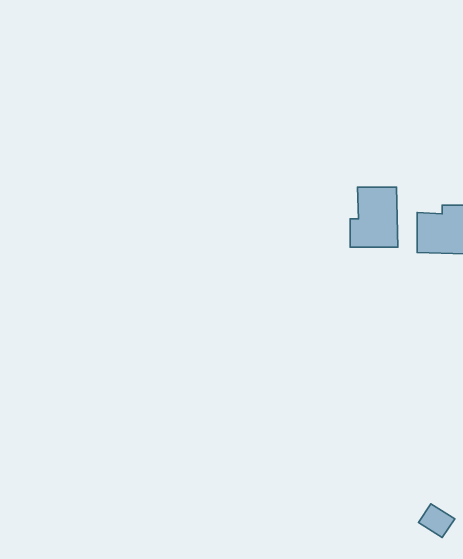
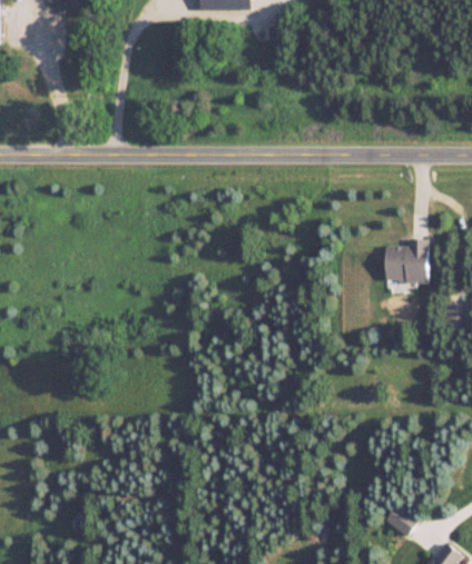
building: [350,187,398,247] -> none

